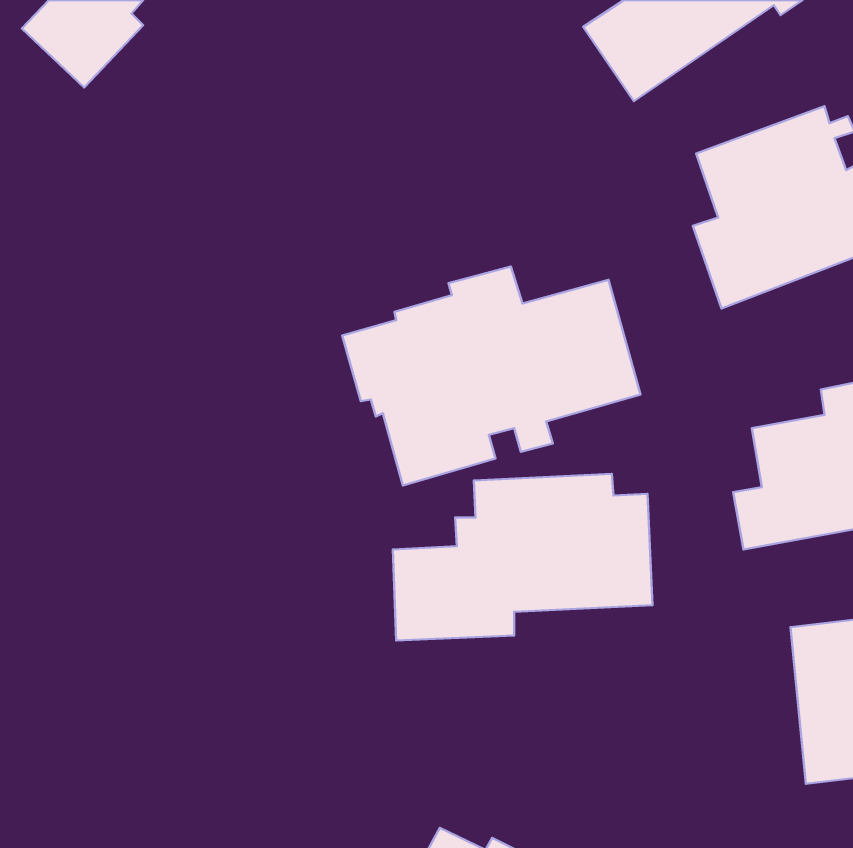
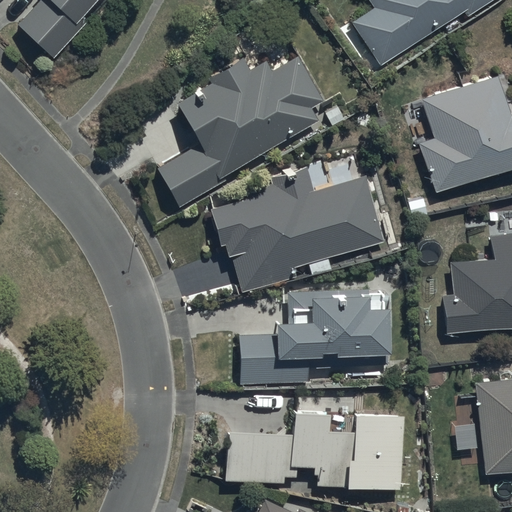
building: none -> [158,57,325,207]
building: none -> [226,399,405,489]

